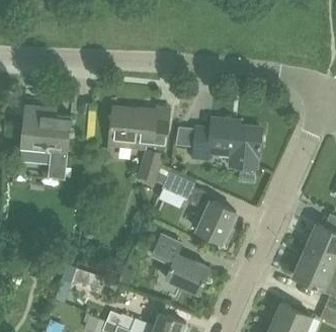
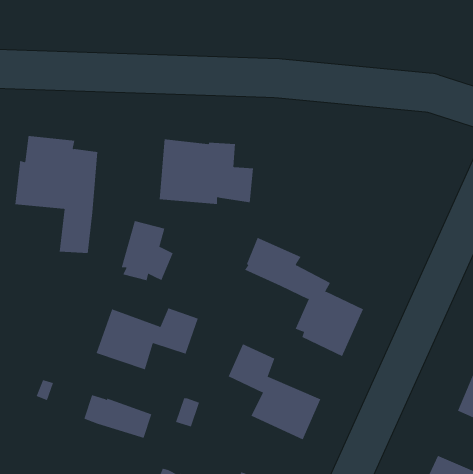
building: [193,118,262,168] -> none
building: [138,148,170,185] -> [121,220,173,281]
building: none -> [96,307,199,370]

